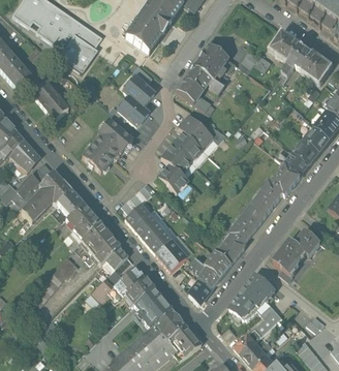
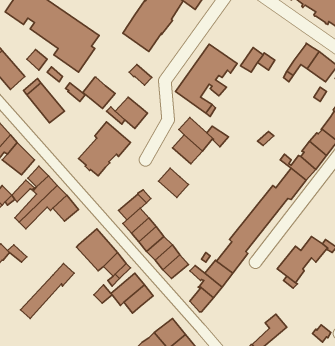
building: [272,32,301,61] -> none
building: [124,76,155,106] -> [83,77,115,109]
building: [162,145,190,173] -> none
building: [66,203,100,241] -> none
building: [229,273,275,317] -> none
building: [134,286,173,327] -> none

